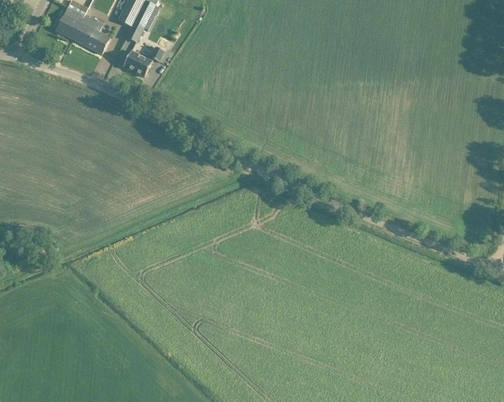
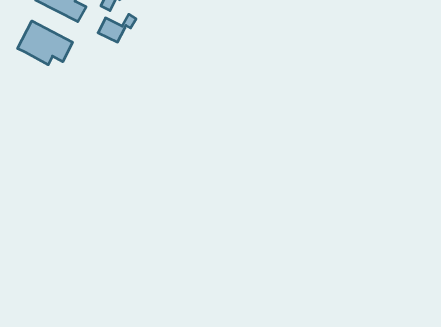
building: none -> [18,21,72,65]

